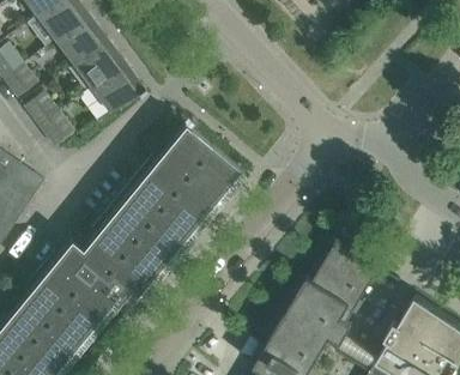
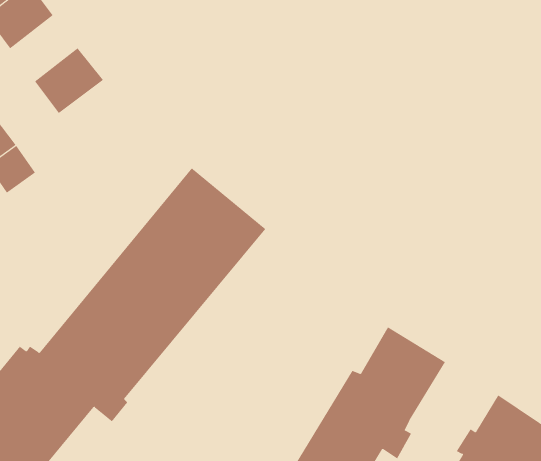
building: [54,14,104,63] -> none
building: [90,62,144,111] -> none

